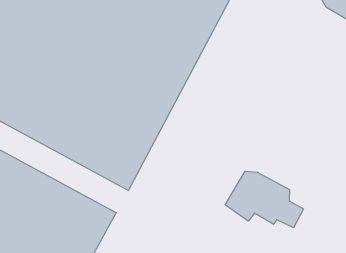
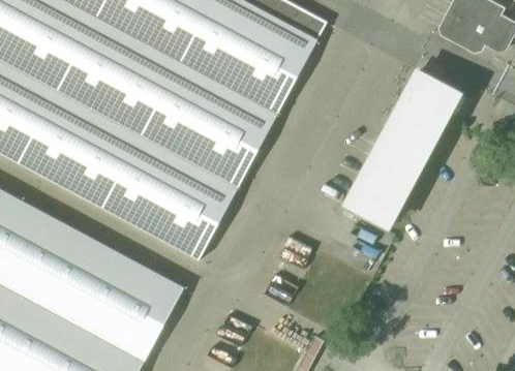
building: none -> [345,70,458,226]
building: [225,171,303,228] -> none

